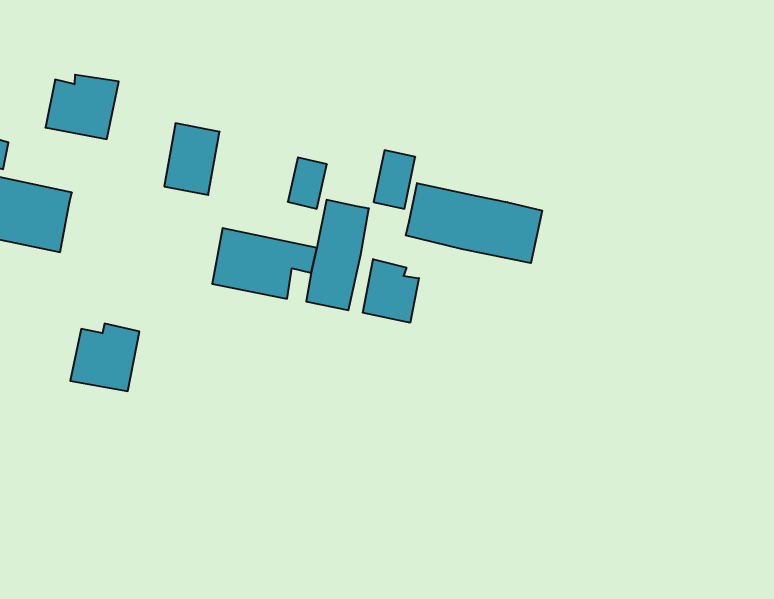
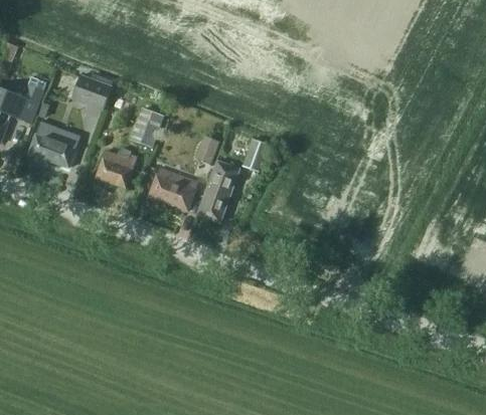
building: [406,183,542,263] -> none
building: [363,259,419,323] -> none
building: [70,324,139,391] -> [96,150,137,188]

